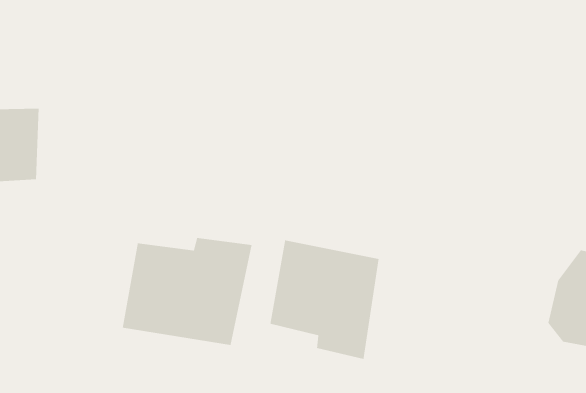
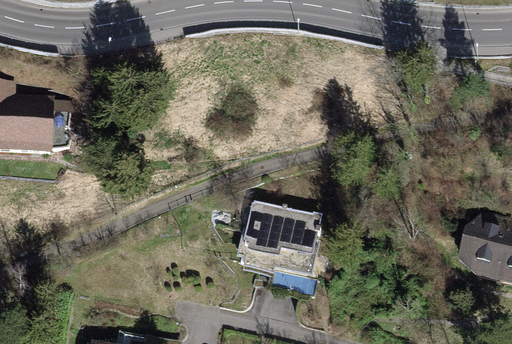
building: [122,237,253,346] -> none

